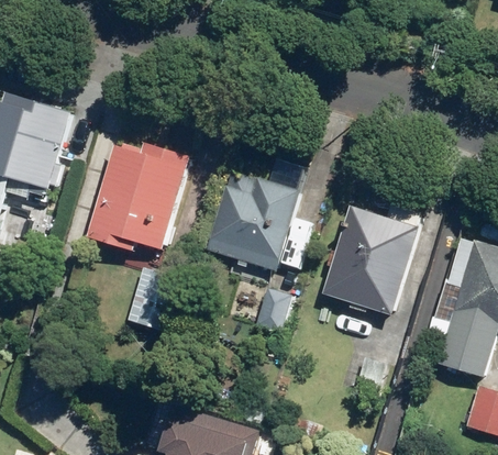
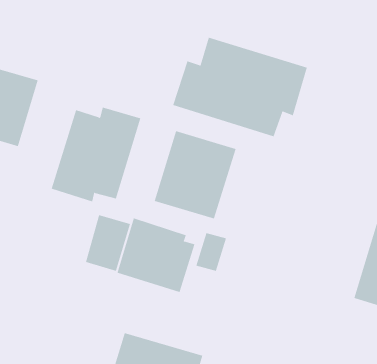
building: none -> [173,37,308,137]
building: [322,204,420,315] -> none
building: none -> [117,218,195,293]

